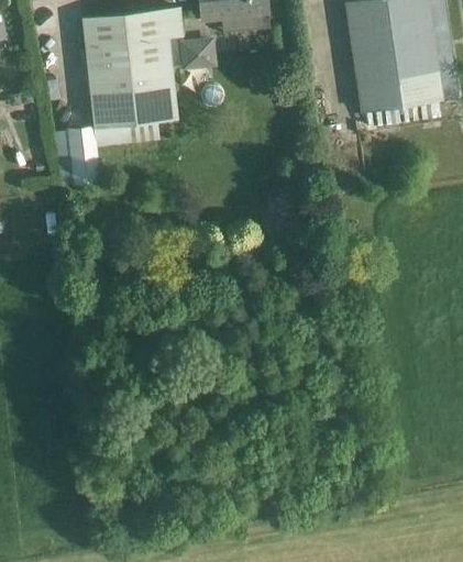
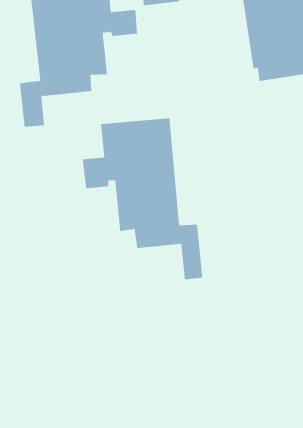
building: none -> [82,118,203,280]

